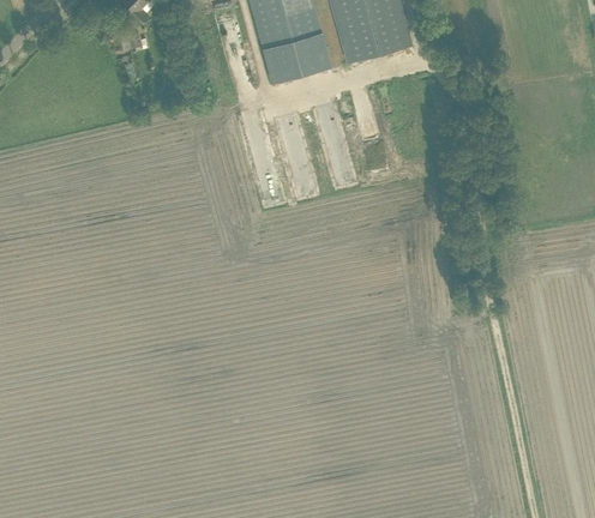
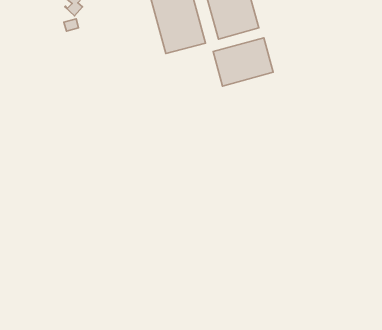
building: none -> [213,38,273,86]

